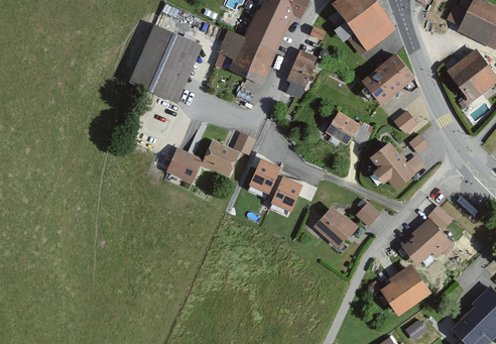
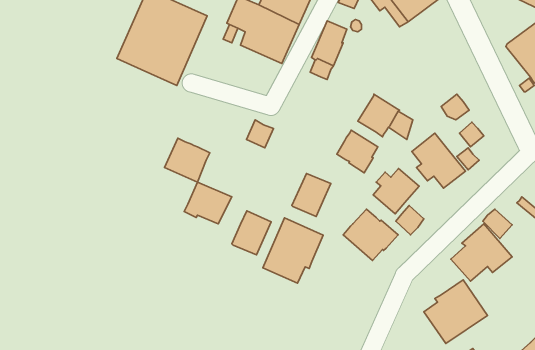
building: [362,54,417,104] -> none
building: none -> [337,130,378,173]
building: [200,140,239,175] -> [184,182,232,224]
building: [248,156,280,193] -> [232,211,271,255]
building: none -> [373,168,419,214]
building: none -> [263,218,323,283]

